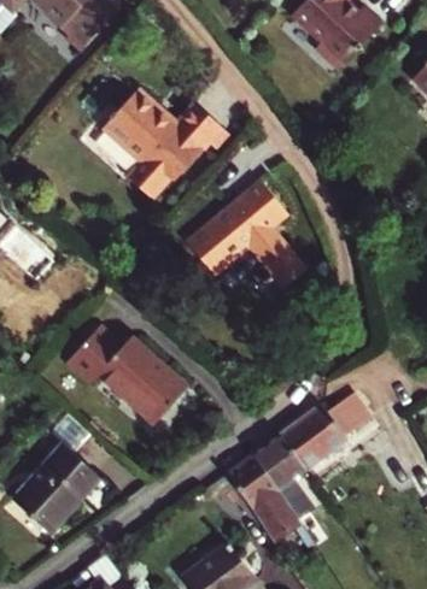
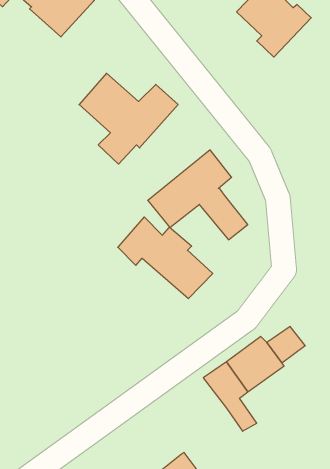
building: [70,325,183,423] -> [118,217,213,299]
building: [18,446,101,534] -> none
building: [226,454,303,543] -> none

